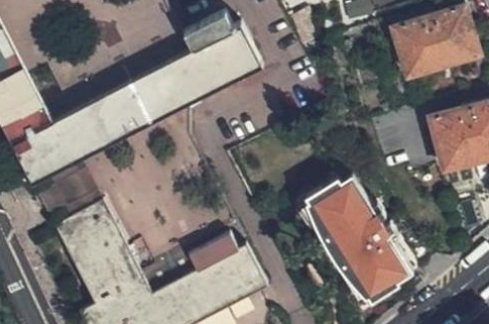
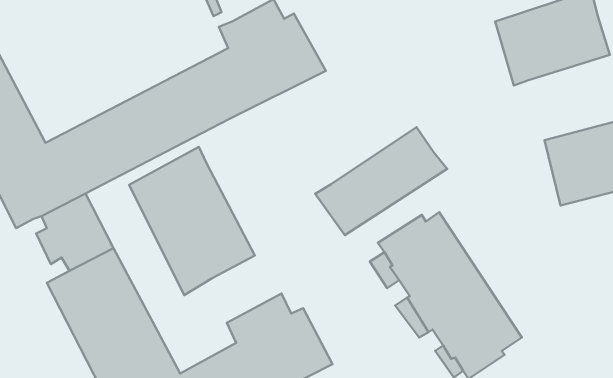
building: none -> [315,127,447,235]
building: none -> [129,147,255,295]

